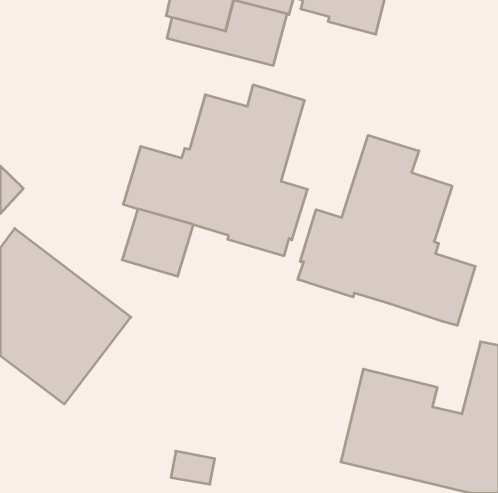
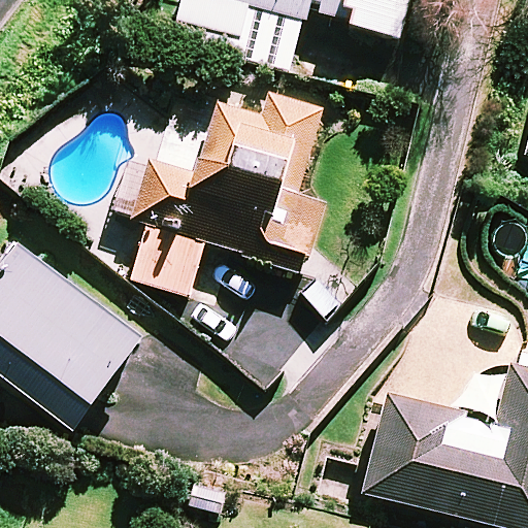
building: [298,135,475,325] -> none

